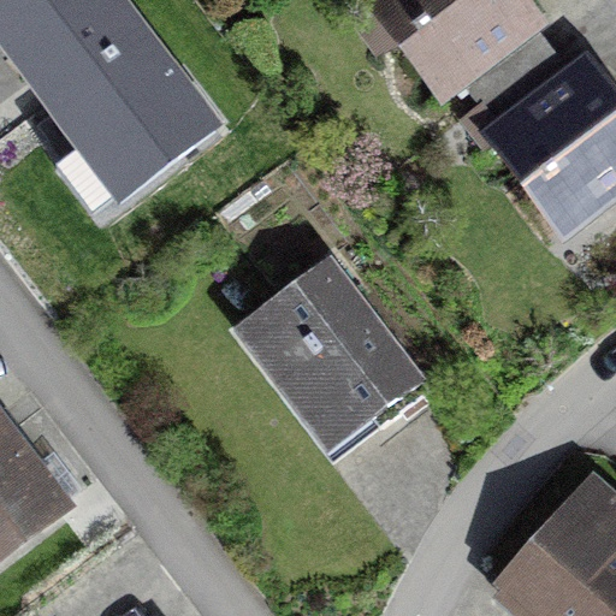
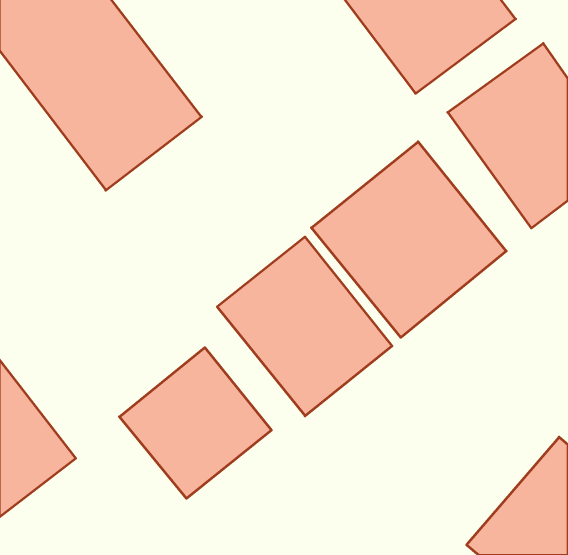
building: none -> [311,142,506,337]
building: none -> [119,348,271,498]

